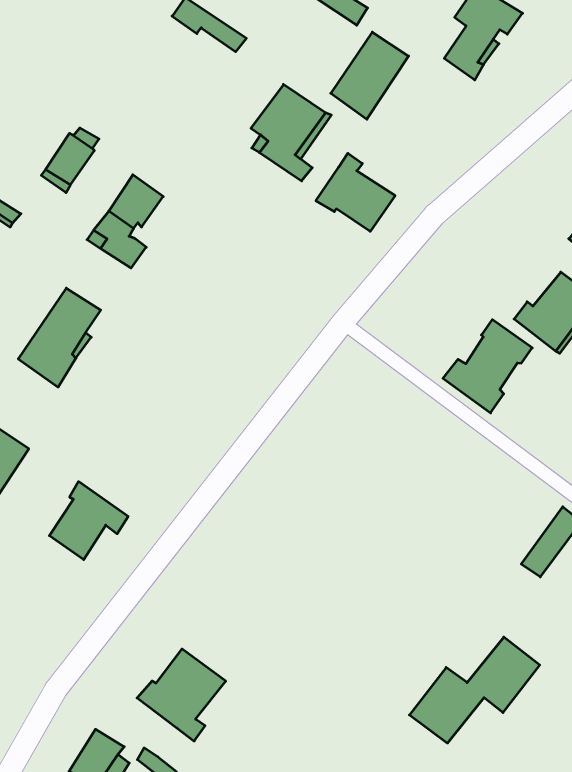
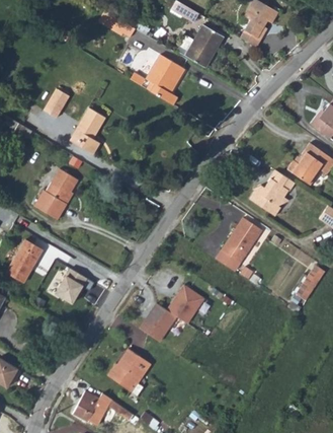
building: [316,153,395,231] -> none
building: none -> [222,218,262,264]
building: [409,637,540,743] -> [139,285,203,341]

